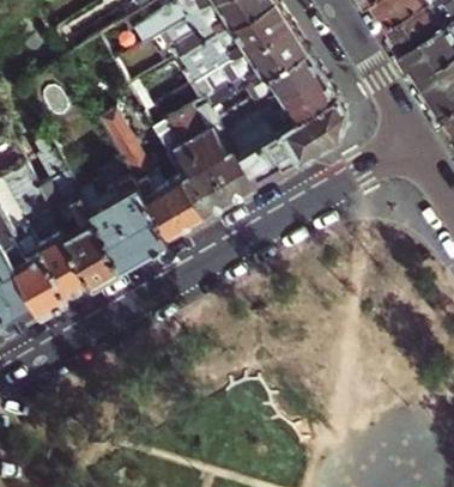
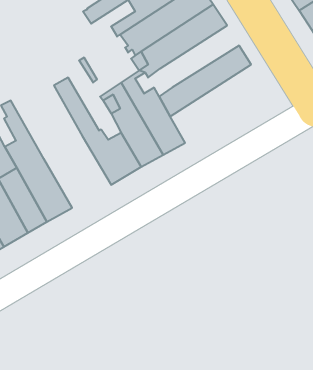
building: [226,50,321,124] -> none
building: [238,97,346,190] -> none
building: [87,182,168,268] -> none

